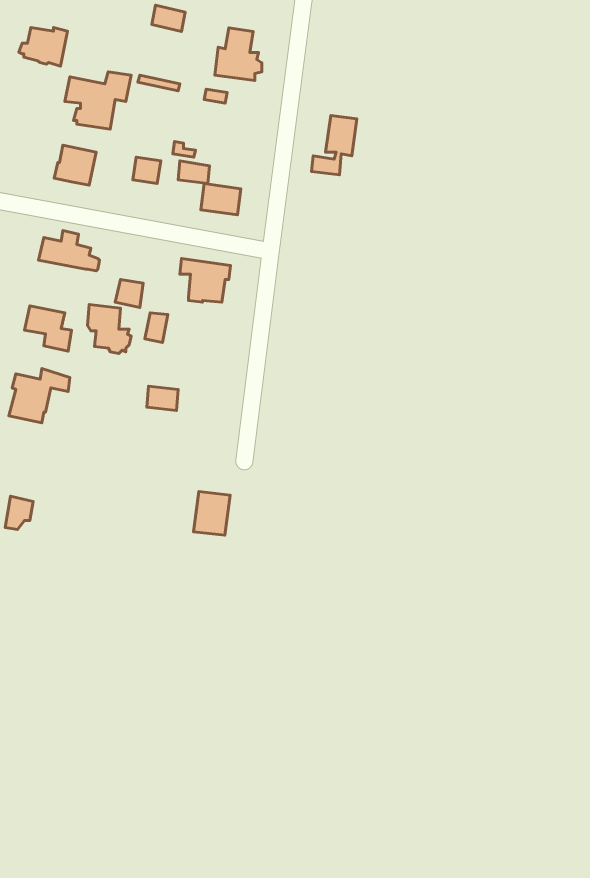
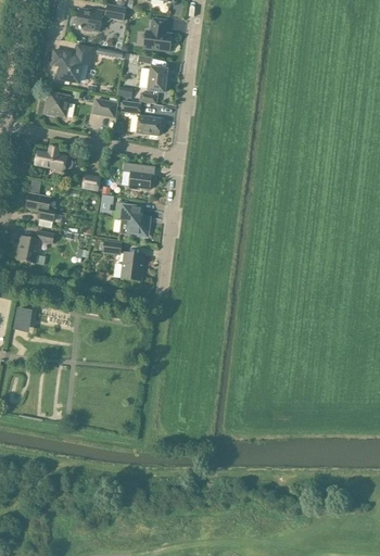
building: [19,28,68,66] -> [73,9,103,33]
building: [312,115,357,175] -> [139,67,167,104]
building: [87,305,131,354] -> [122,205,149,236]
building: [193,492,230,535] -> [121,251,143,278]

